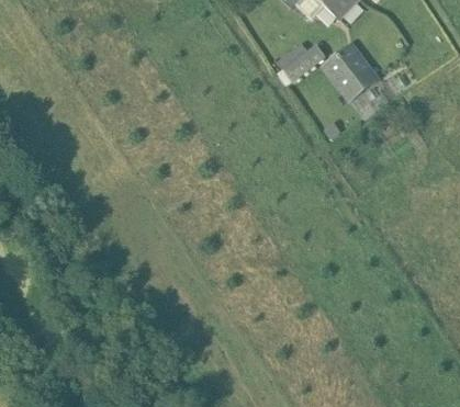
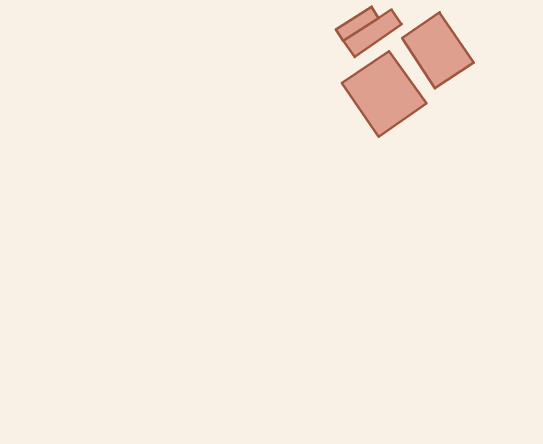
building: none -> [342,51,426,137]

